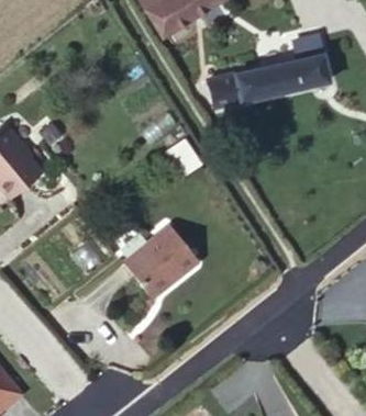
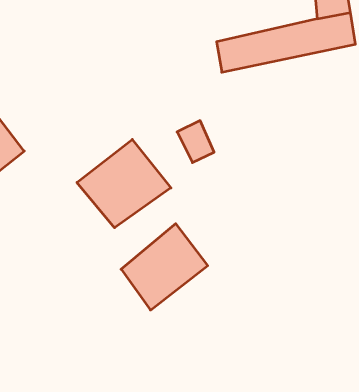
building: none -> [77,139,171,228]

